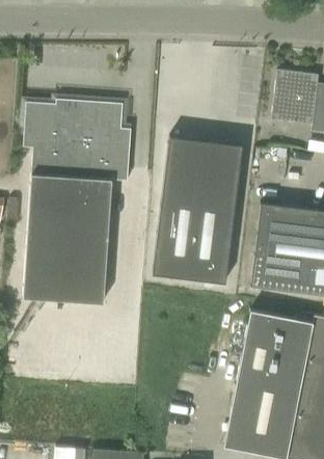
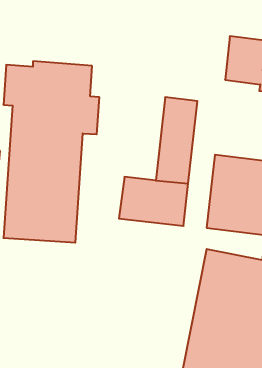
building: [159,135,205,233] -> none

